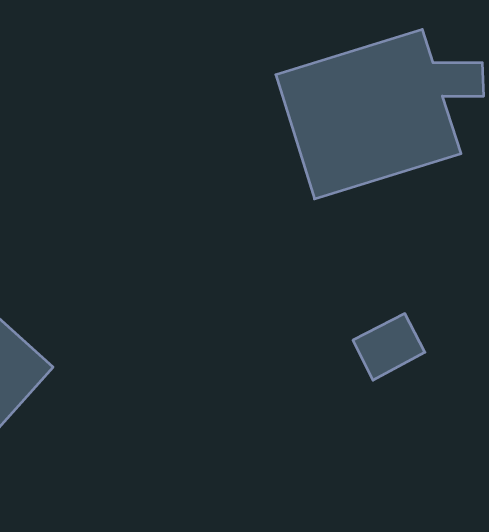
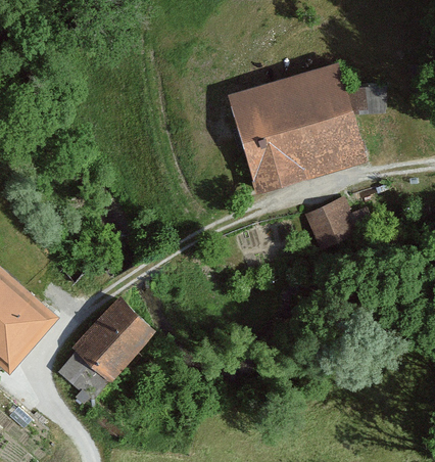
building: [353,314,425,380] -> [300,199,355,250]
building: none -> [56,296,157,404]

